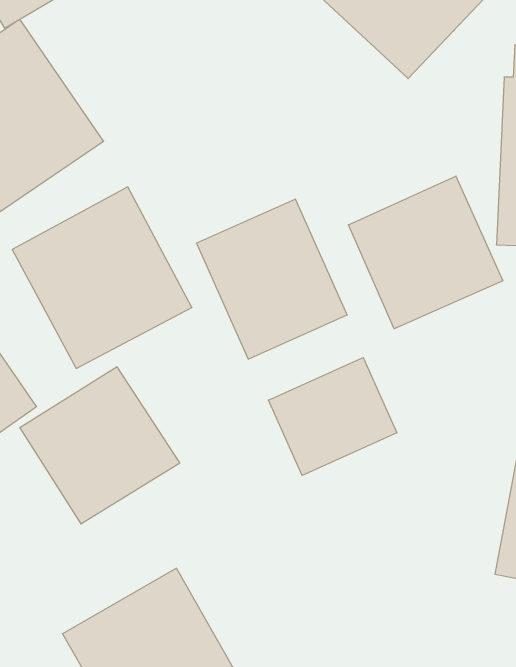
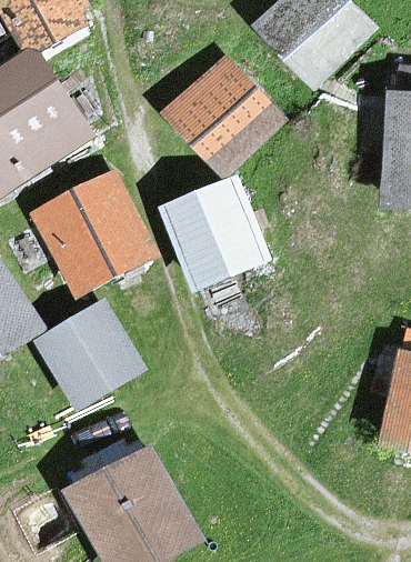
building: none -> [161,53,285,178]
building: [348,176,503,329] -> none
building: [268,358,397,475] -> none

